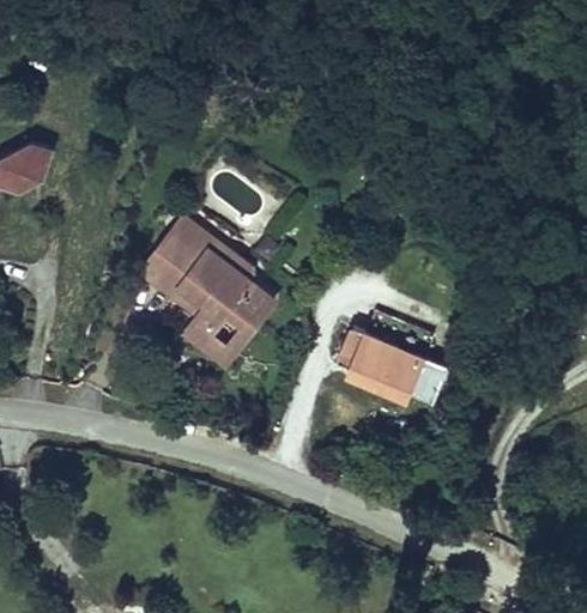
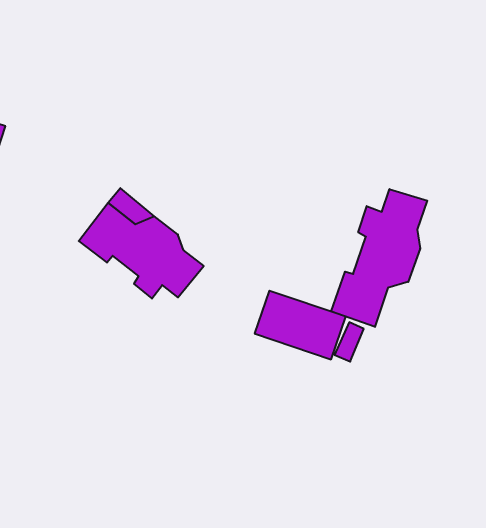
building: none -> [331,189,427,327]
building: [183,320,244,366] -> none

